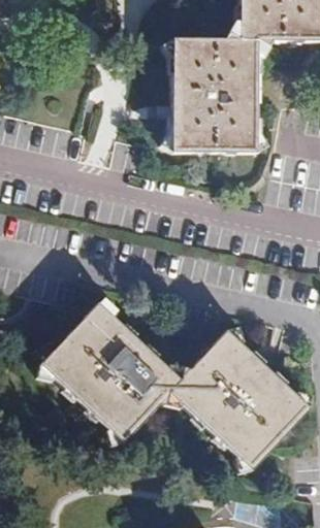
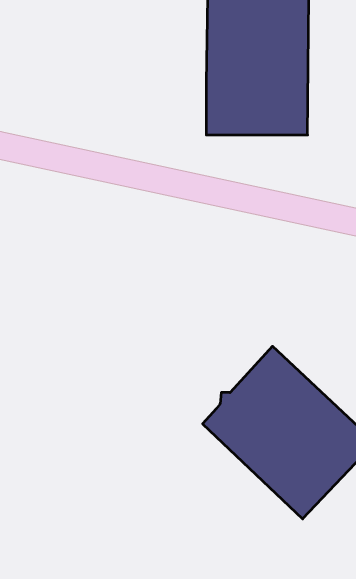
building: [37,301,181,442] -> none

